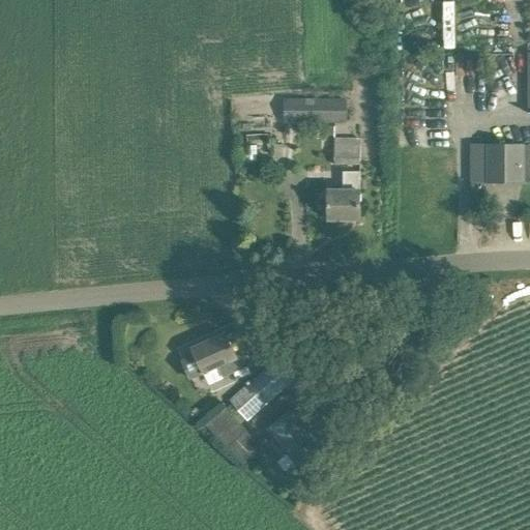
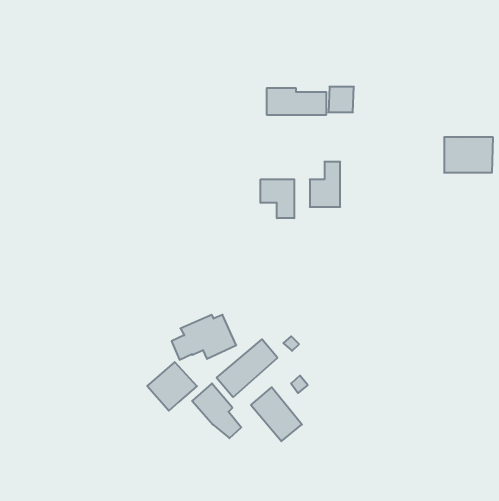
building: [332,137,359,164] -> [328,87,354,112]
building: none -> [261,179,294,218]
building: none -> [147,362,197,411]

